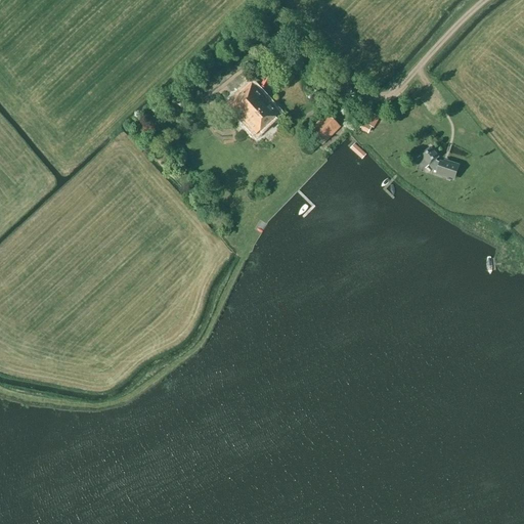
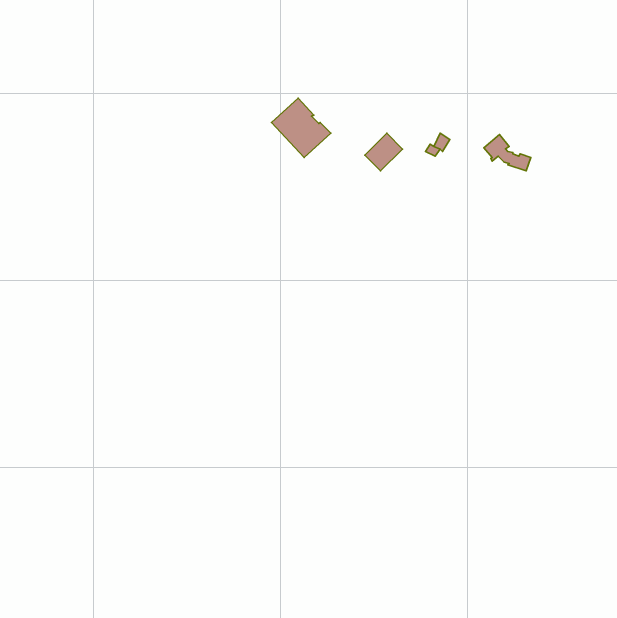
building: [419,146,458,177] -> [484,134,531,171]

